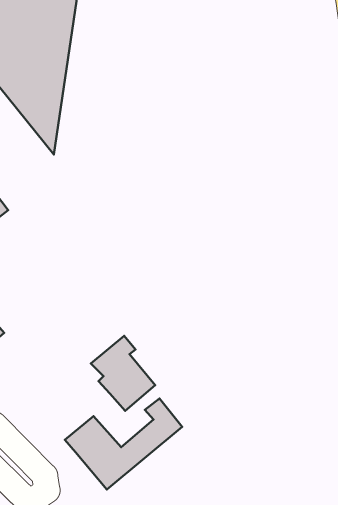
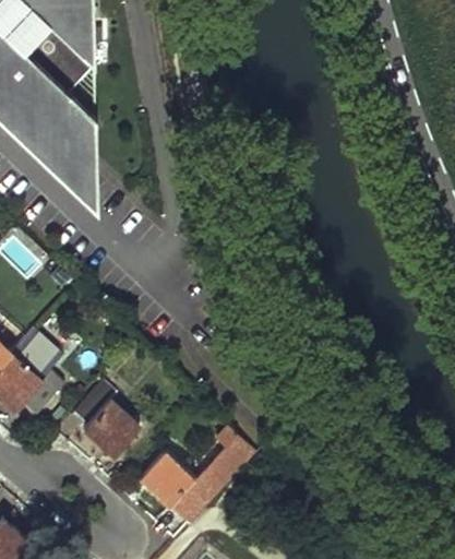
building: [91,336,155,411] -> [71,379,137,453]

